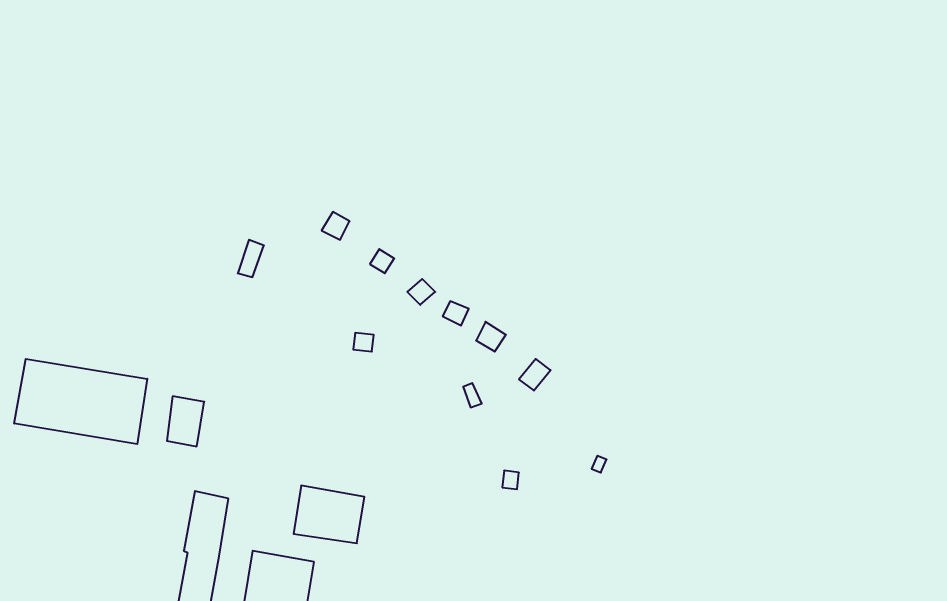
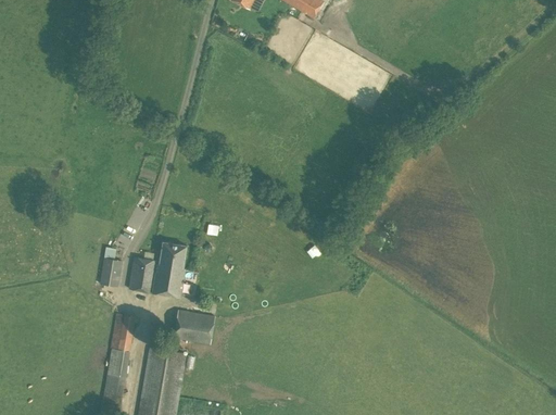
building: [14,359,147,444] -> none
building: none -> [129,241,187,297]

